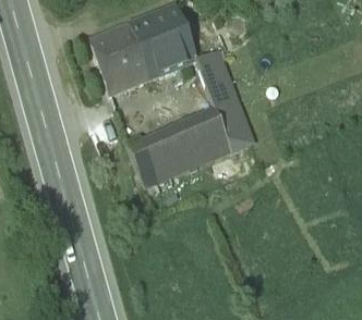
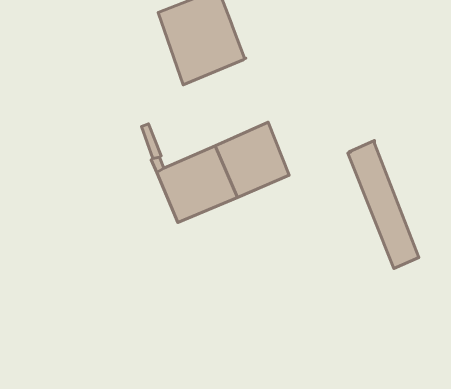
building: [90,22,150,94] -> none
building: [197,49,253,149] -> [348,141,419,269]

